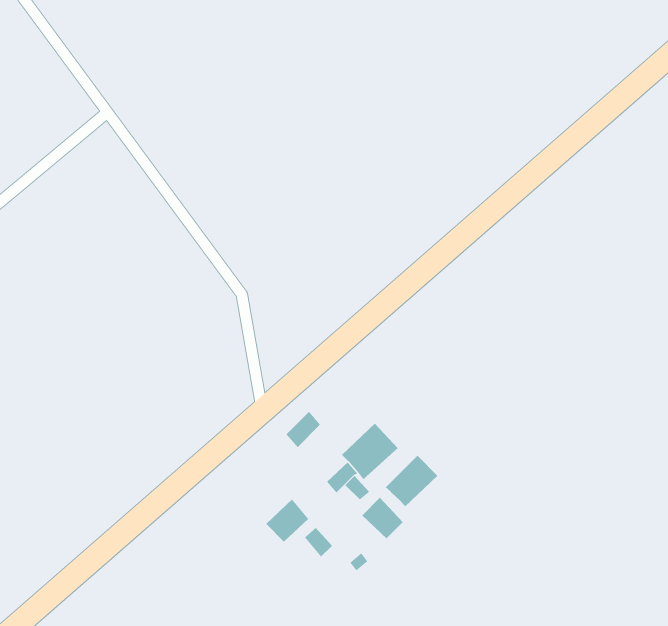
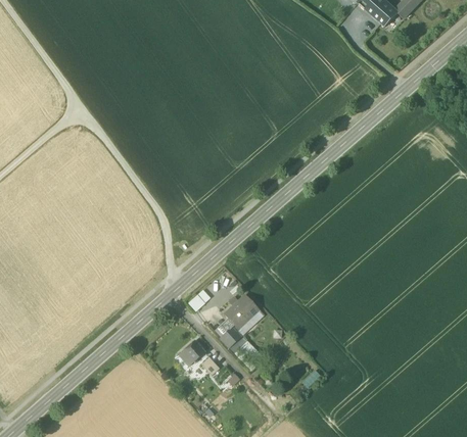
building: [385,455,438,507] -> none

